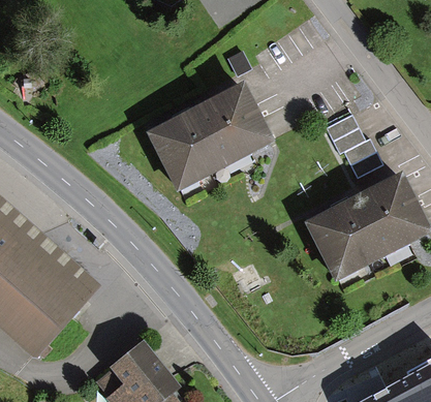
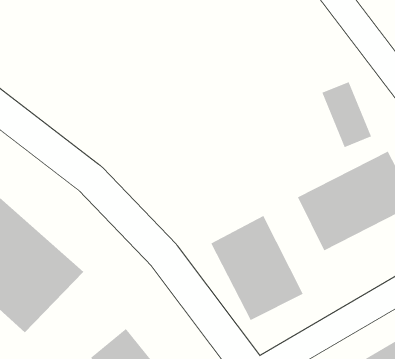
building: [148,85,270,187] -> none
building: none -> [210,215,304,321]

